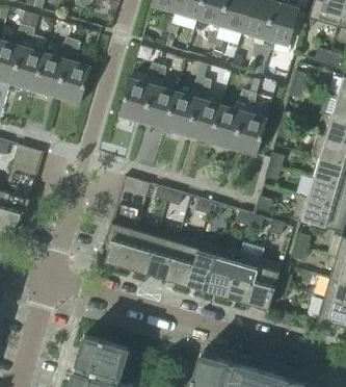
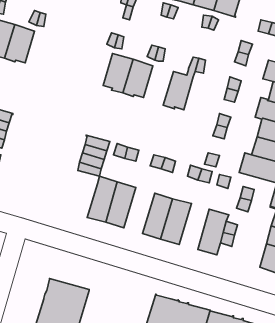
building: [57,60,91,104] -> none
building: [118,78,154,121] -> none
building: [188,99,221,143] -> none
building: [233,111,268,156] -> none
building: [105,222,137,267] -> none
building: [166,234,201,285] -> none
building: [228,242,265,303] -> none

